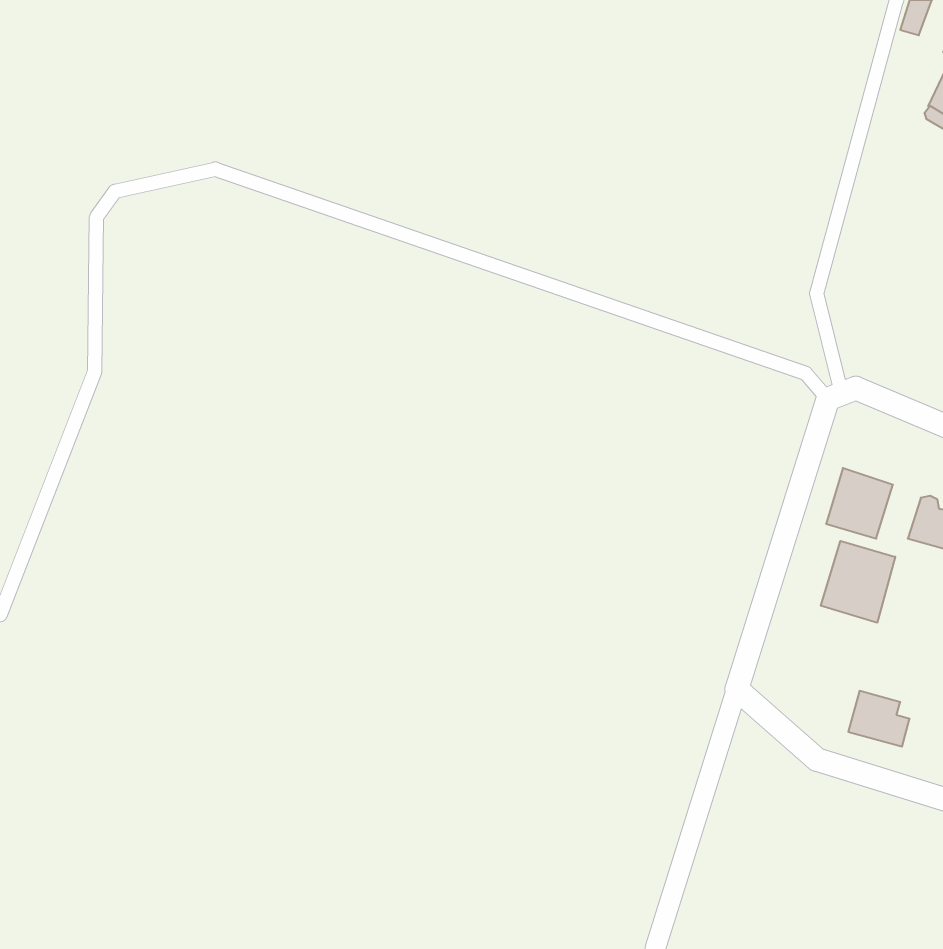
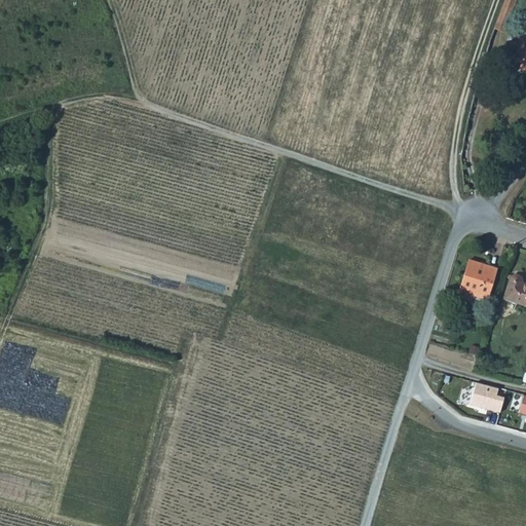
building: [821,541,895,623] -> none

